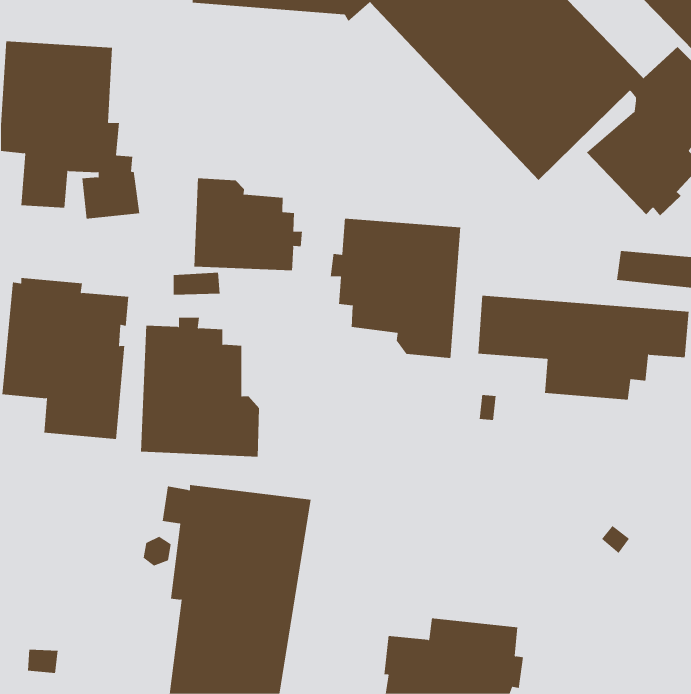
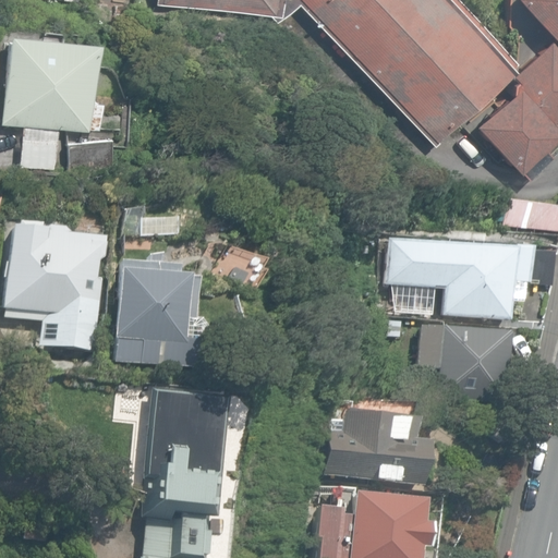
building: [194,178,303,271] -> none
building: [330,218,461,359] -> none
building: none -> [415,323,508,401]
building: none -> [325,411,426,487]

